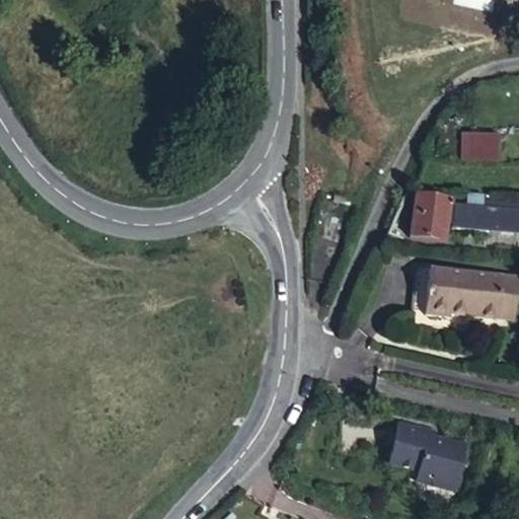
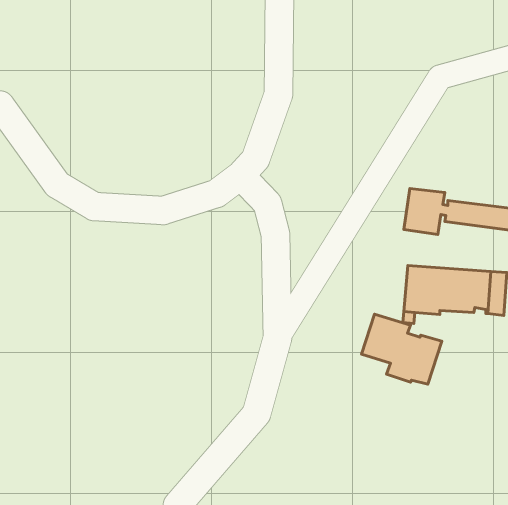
building: [463,130,502,158] -> none
building: [388,421,469,492] -> [362,314,442,384]

